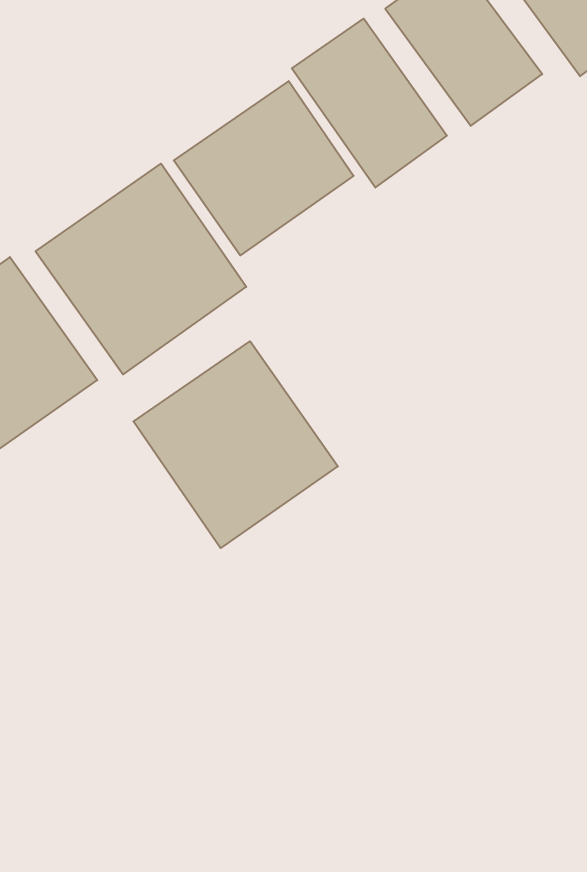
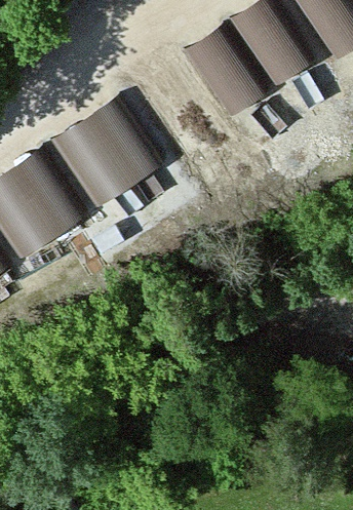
building: [174,81,354,255] -> none
building: [133,341,338,548] -> none

